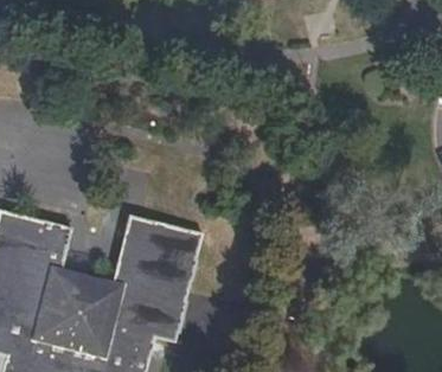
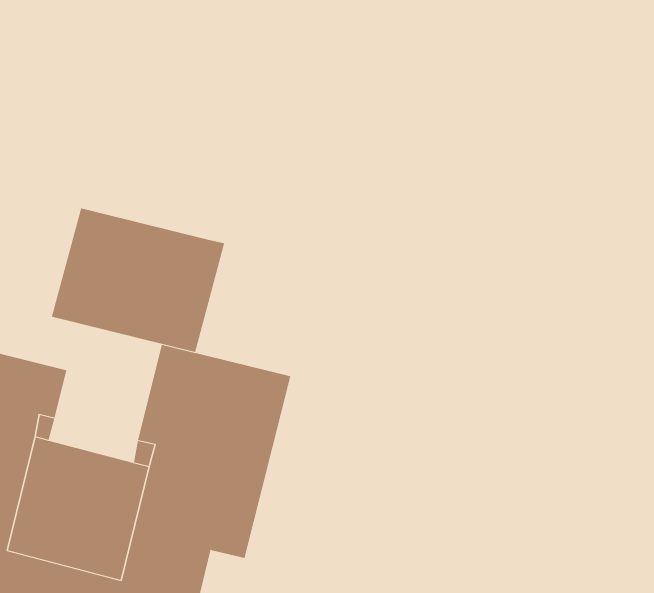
building: none -> [51,207,225,353]

